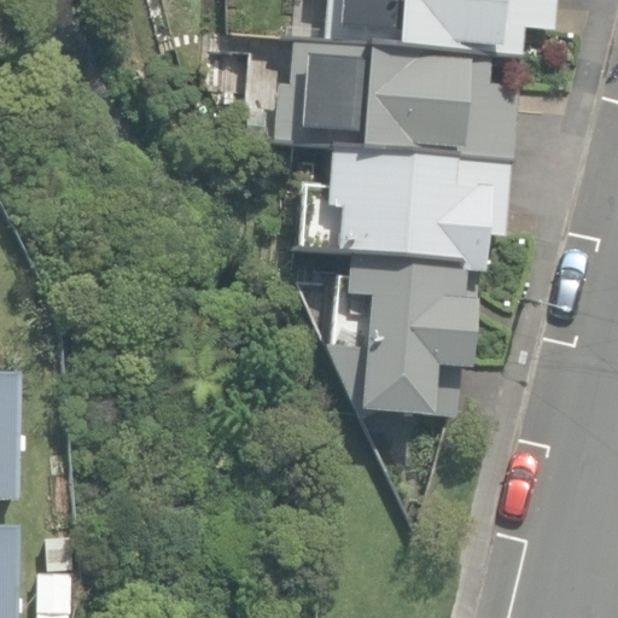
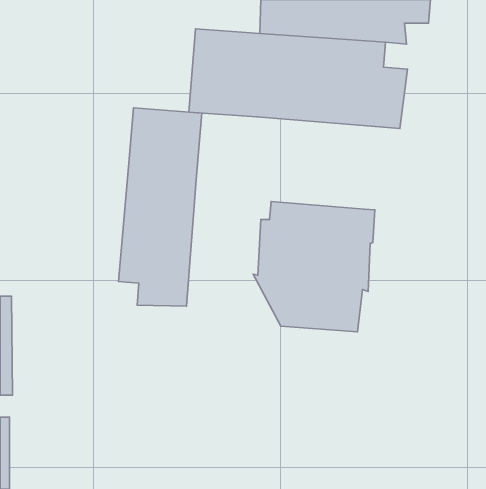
building: none -> [119,108,202,306]
building: [297,147,508,264] -> none

